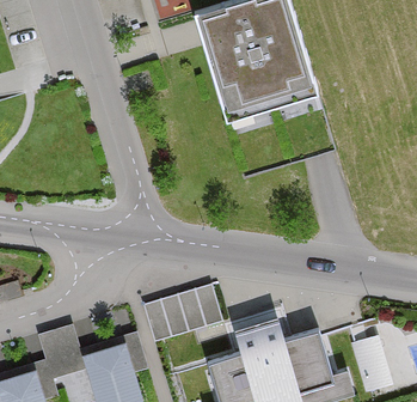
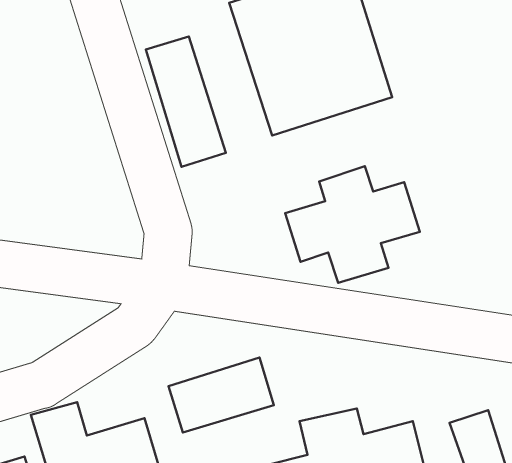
building: none -> [146,37,226,167]
building: none -> [285,166,420,283]

